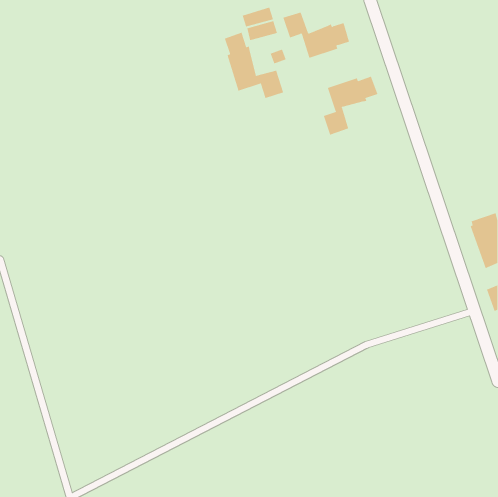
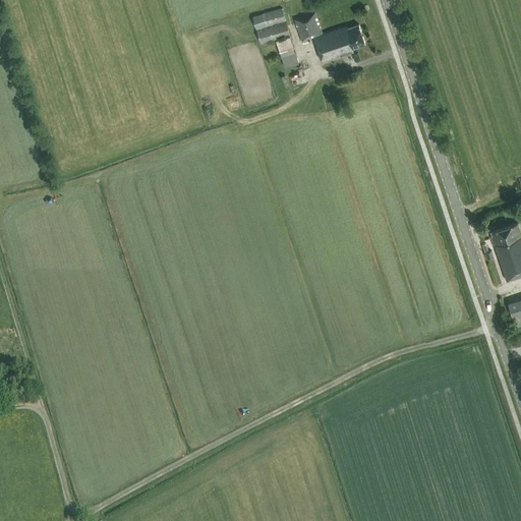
building: [224,32,284,99] -> none
building: [323,76,378,136] -> none

